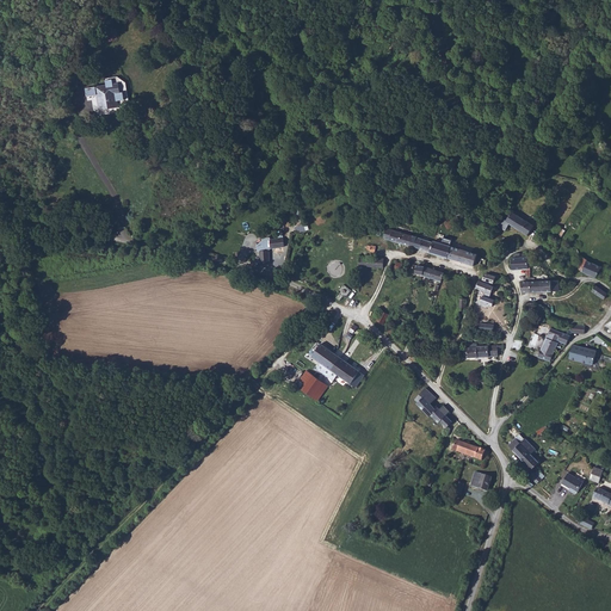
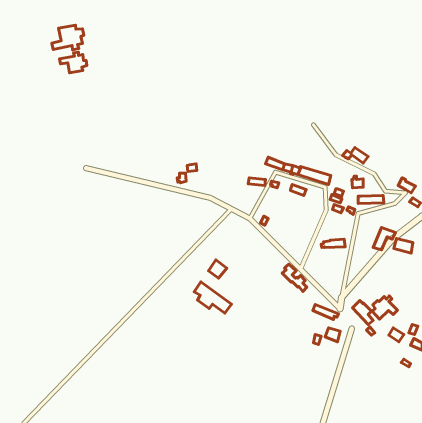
building: none -> [52,25,84,50]
building: [310,342,364,388] -> [194,282,232,313]
building: none -> [372,296,397,319]

